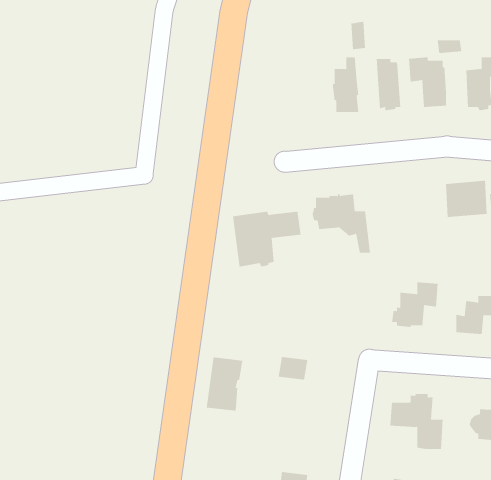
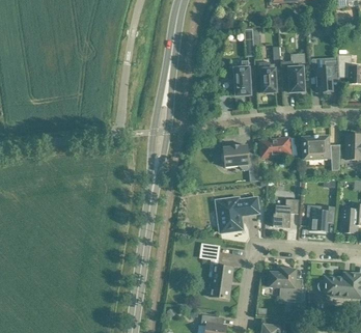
building: none -> [259,138,290,156]
building: [232,211,301,267] -> [216,197,258,231]
building: [206,357,243,411] -> [210,265,232,298]

